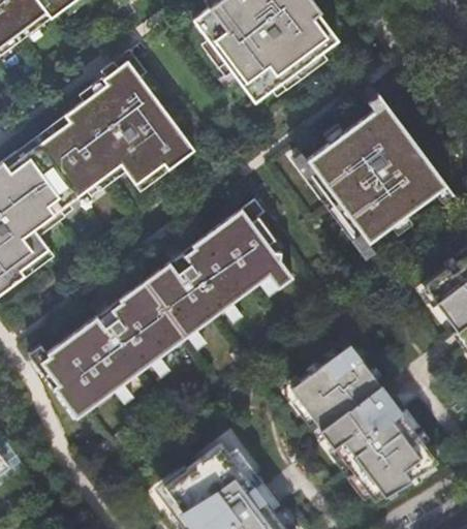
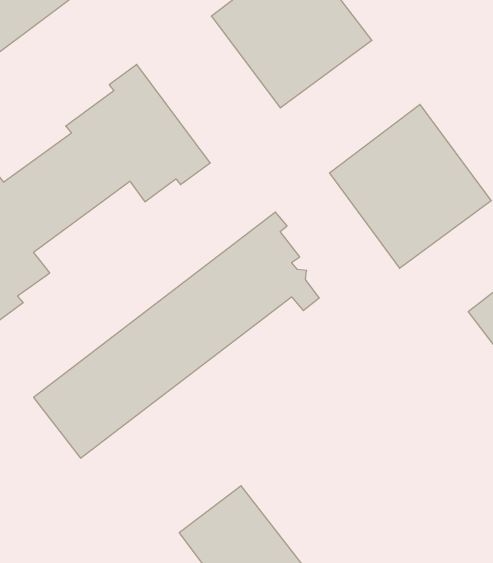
building: [292,344,438,499] -> none

